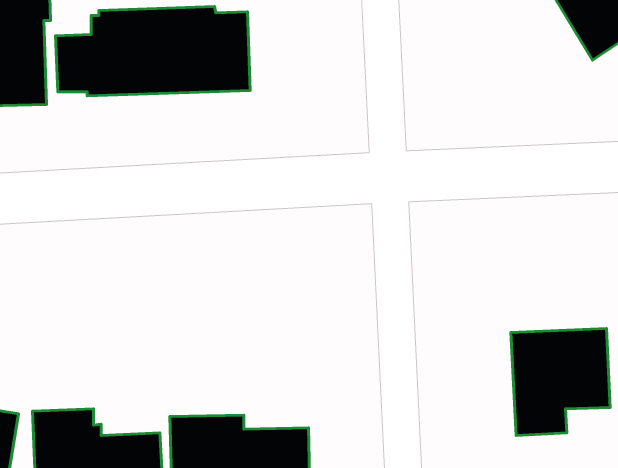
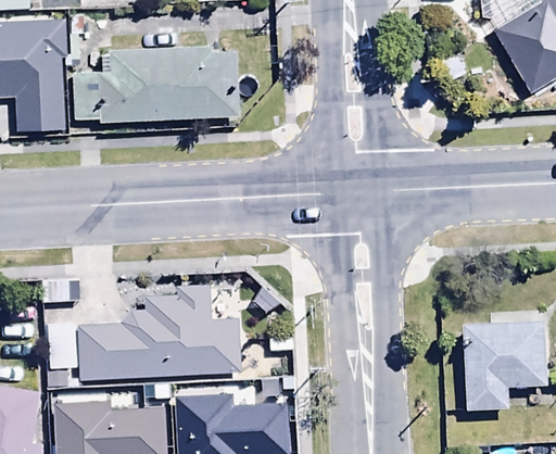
building: none -> [48,283,240,380]

